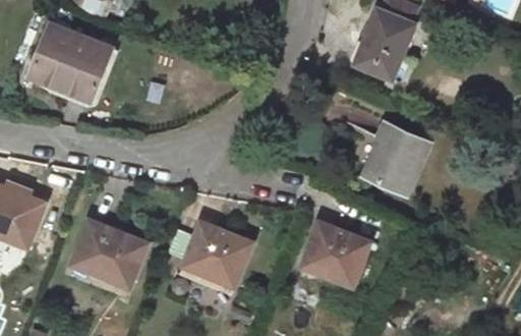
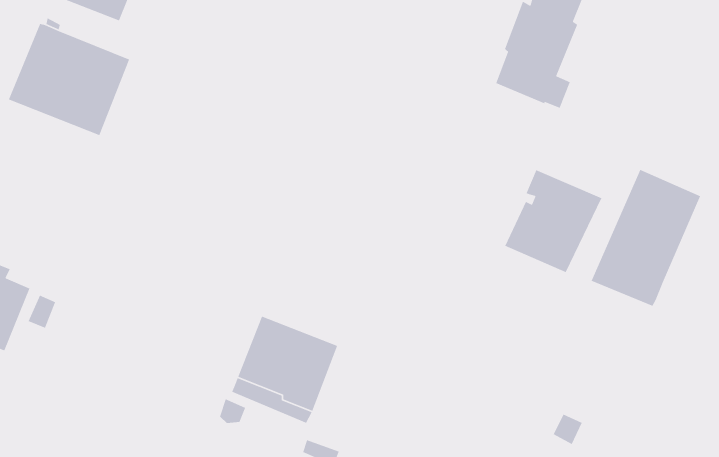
building: none -> [591,169,701,307]
building: [72,219,146,287] -> none
building: [302,222,368,285] -> none

